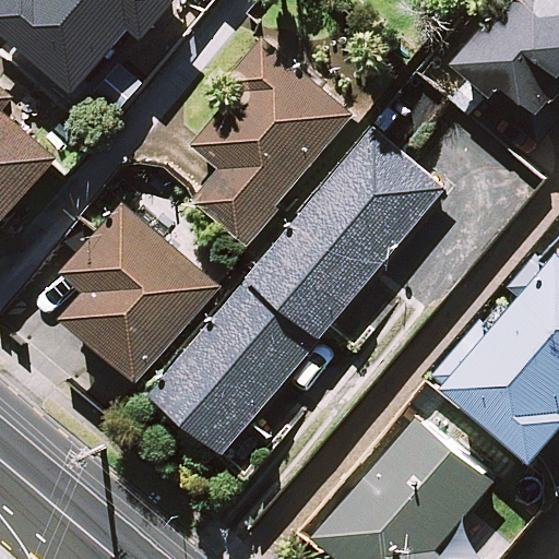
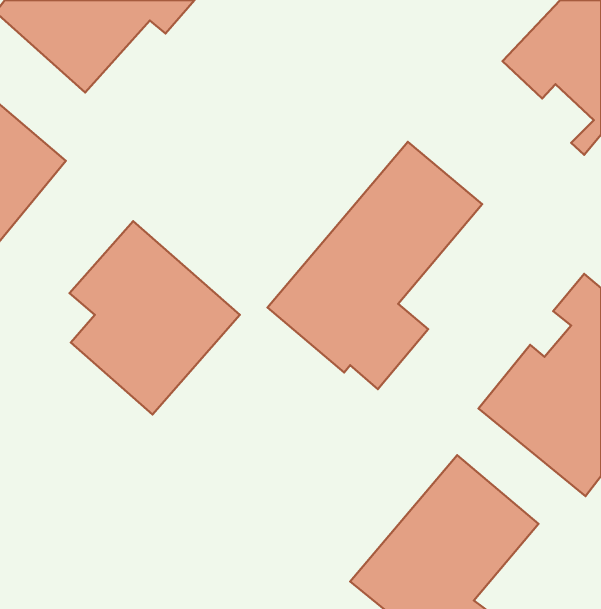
building: [190,43,348,241] -> none
building: [151,284,313,453] -> none

